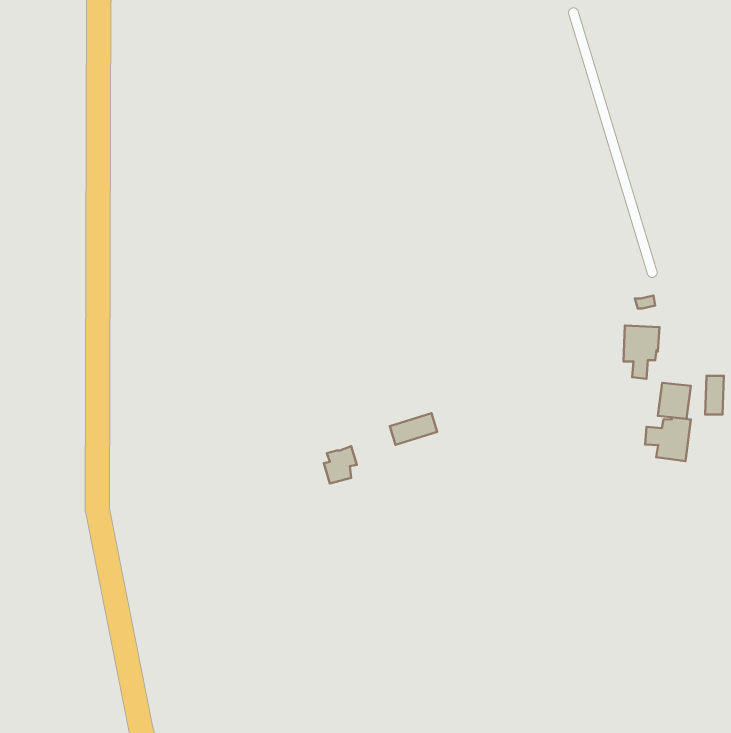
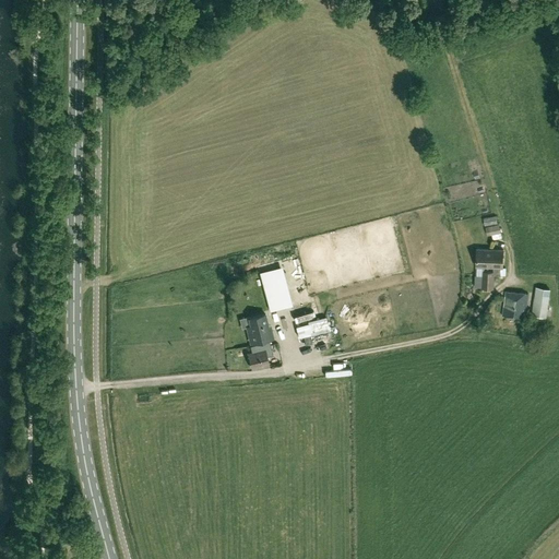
building: none -> [262,269,292,310]
building: none -> [246,313,272,343]
building: [645,417,691,461] -> none

